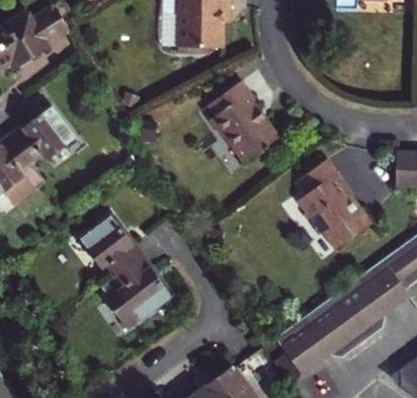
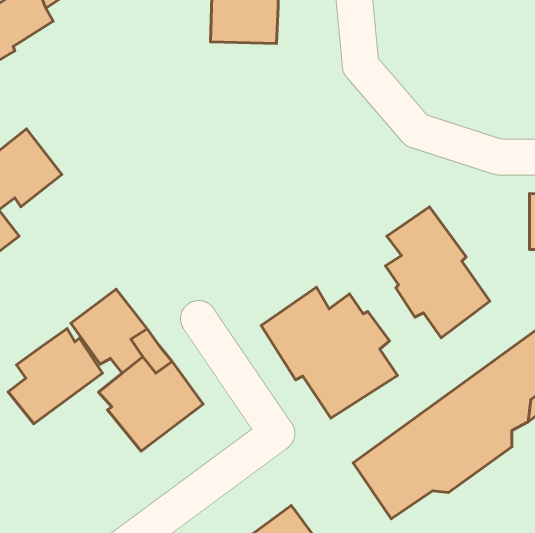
building: [211,82,279,163] -> none
building: none -> [261,287,397,418]
building: none -> [8,328,102,424]

